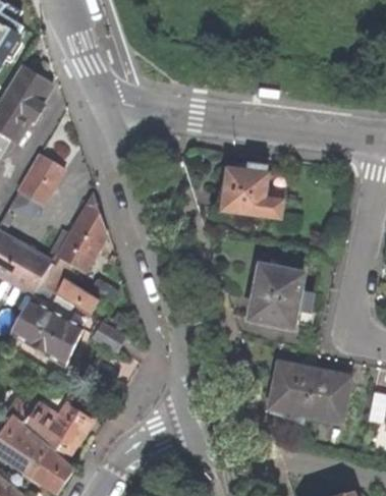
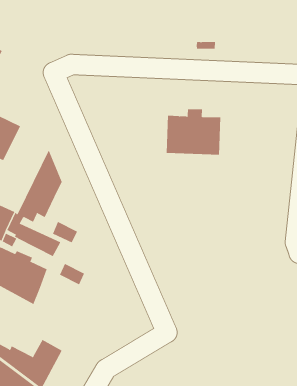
building: [250,262,312,327] -> none
building: [269,363,348,423] -> none

